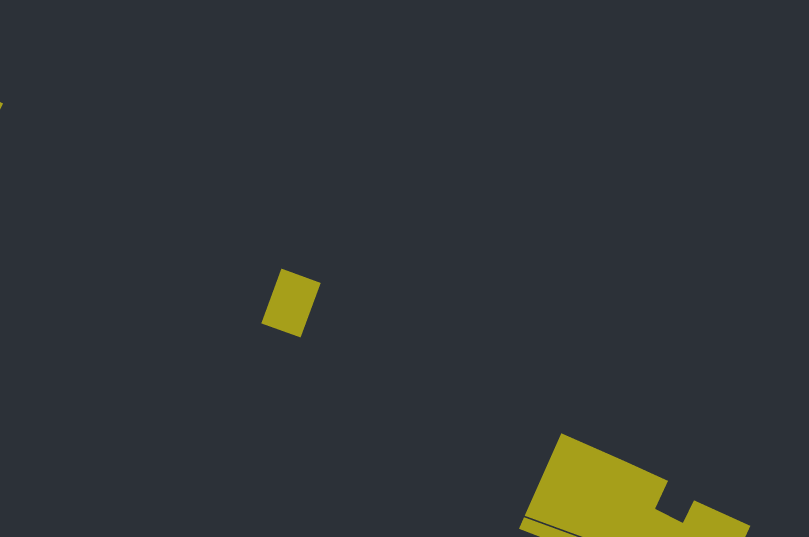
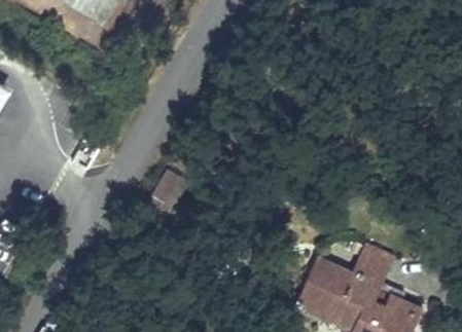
building: none -> [352,245,395,287]

